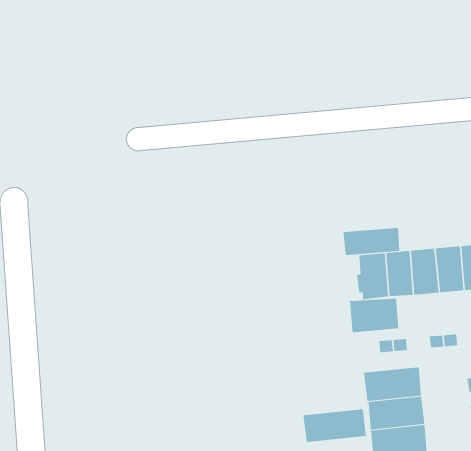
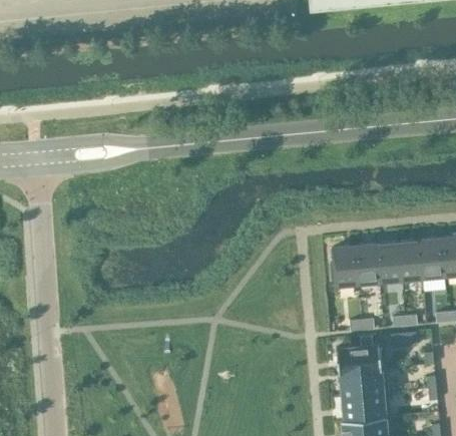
building: [343,227,400,256] -> none
building: [350,298,399,333] -> none
building: [303,409,369,443] -> none

